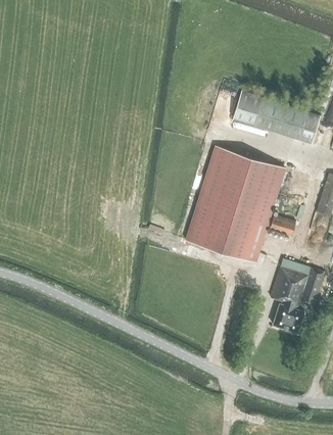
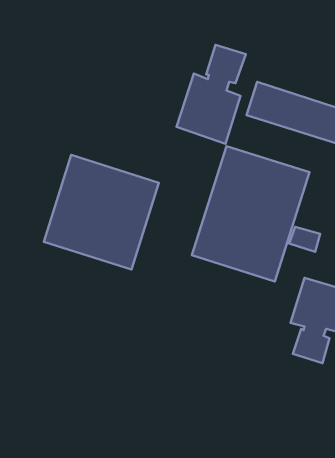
building: none -> [177,45,246,144]
building: none -> [44,155,159,269]

